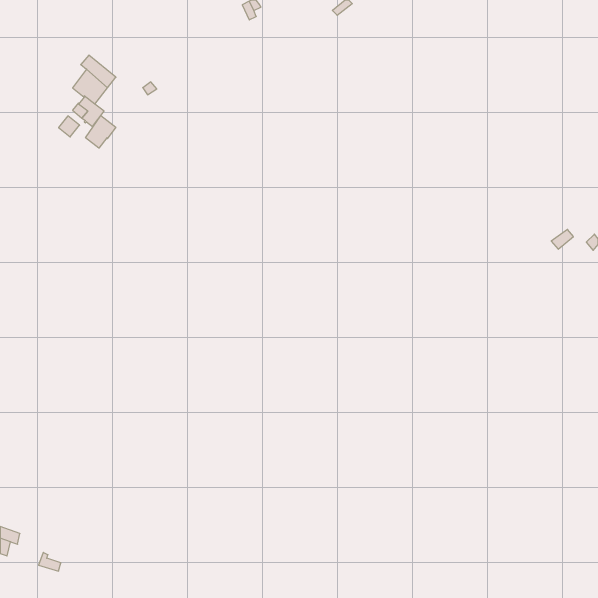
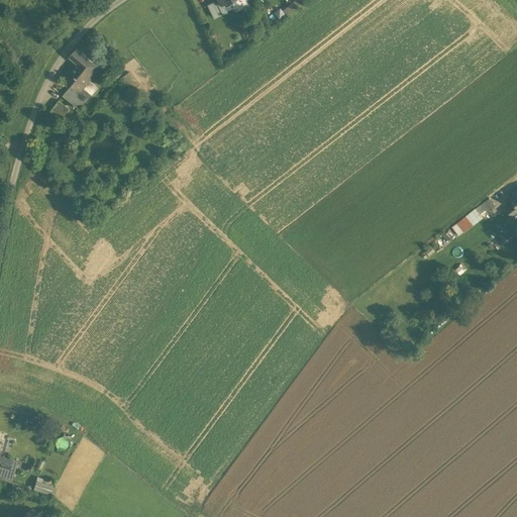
building: [86,115,116,148] -> none

